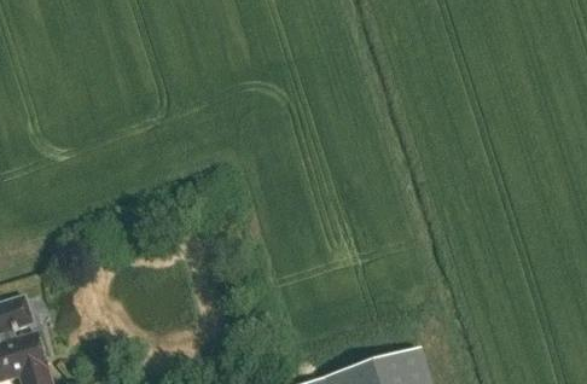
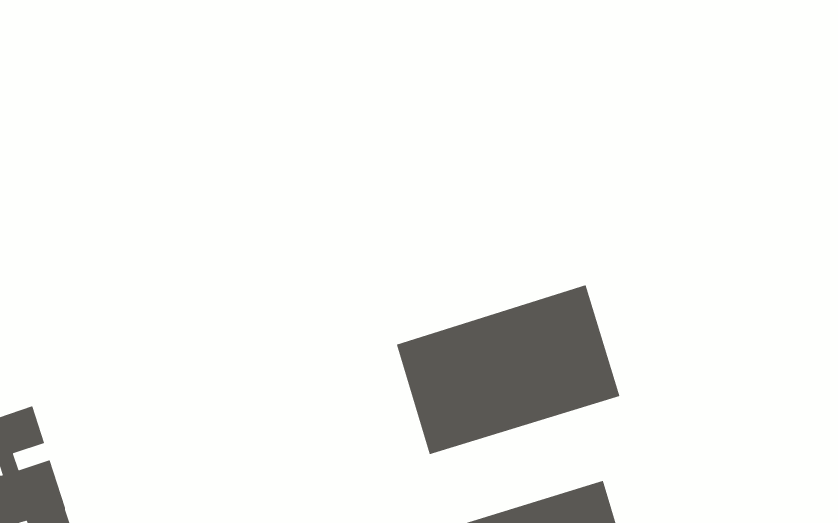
building: none -> [396,284,621,455]

